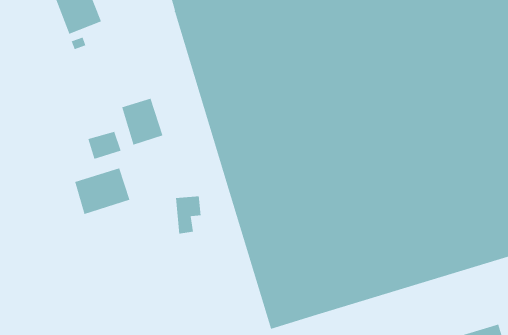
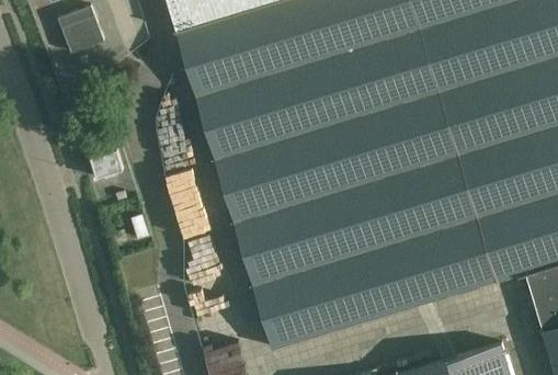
building: [121,98,163,146] -> none
building: [75,167,130,215] -> none

